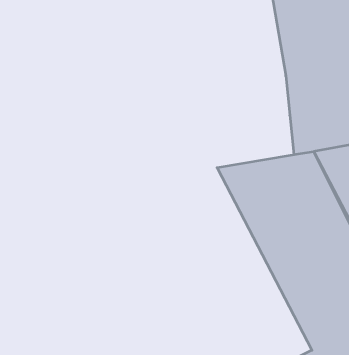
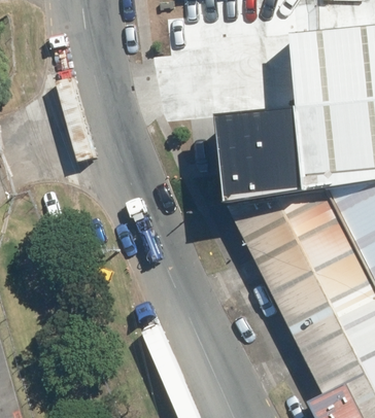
building: none -> [220,117,309,205]

